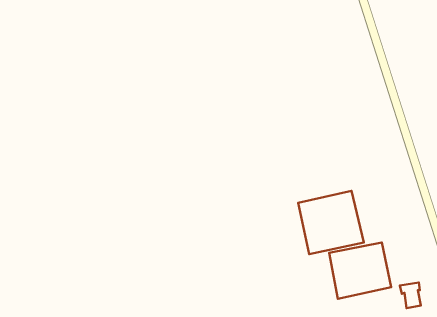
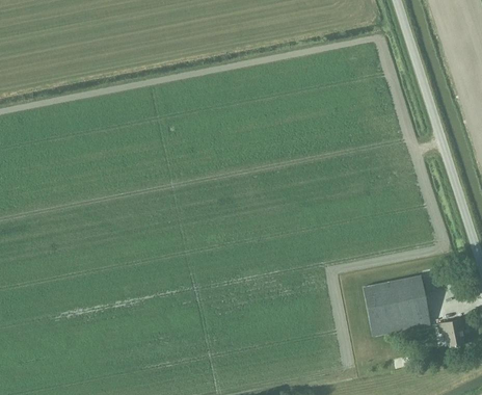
building: [298,191,364,254] -> none

